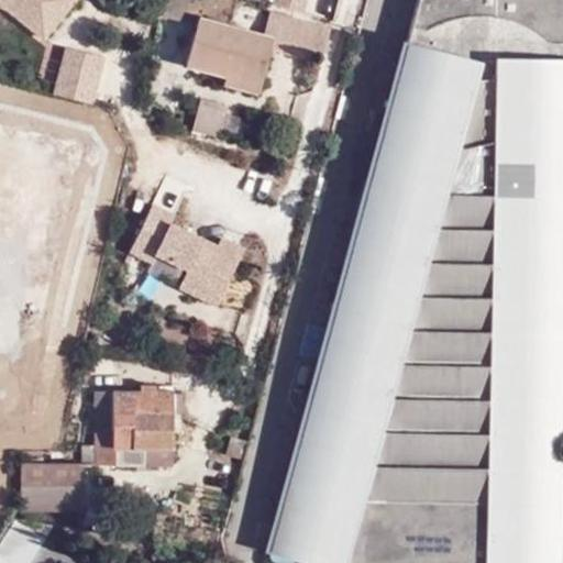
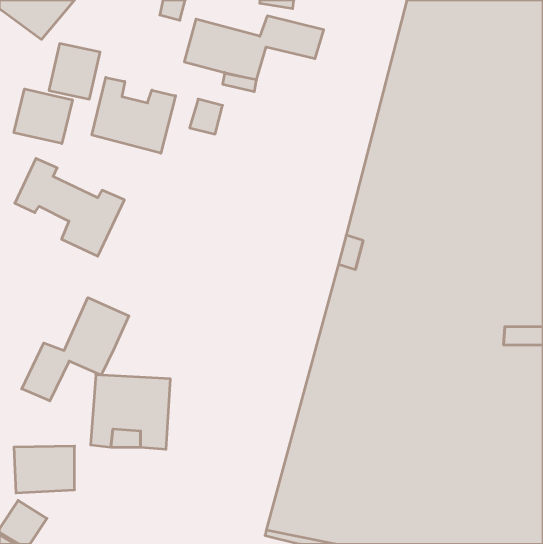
building: none -> [92,77,176,153]
building: none -> [14,89,72,144]
building: [139,206,252,307] -> [15,158,124,256]
building: none -> [22,298,129,401]

